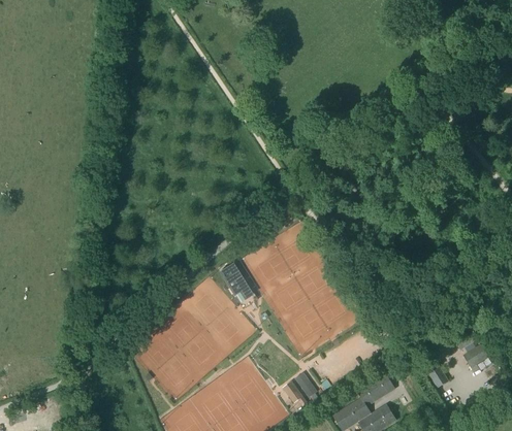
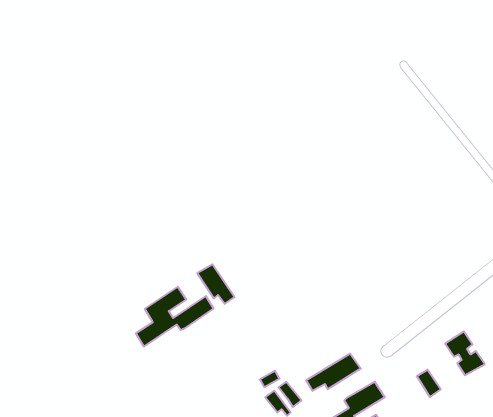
building: none -> [136,287,214,347]
building: none -> [306,354,361,391]

